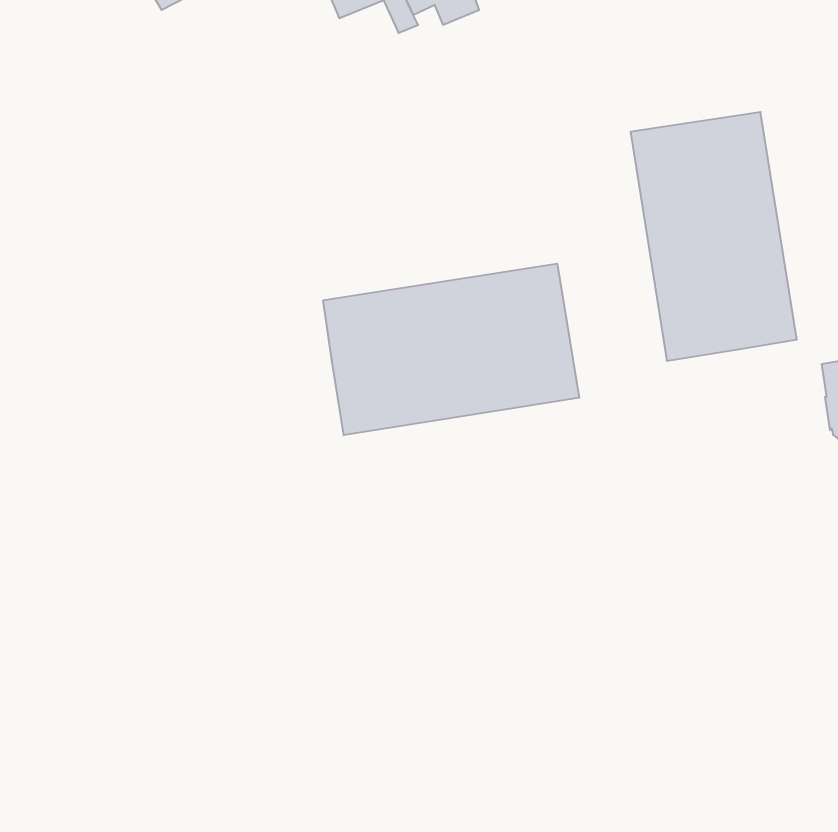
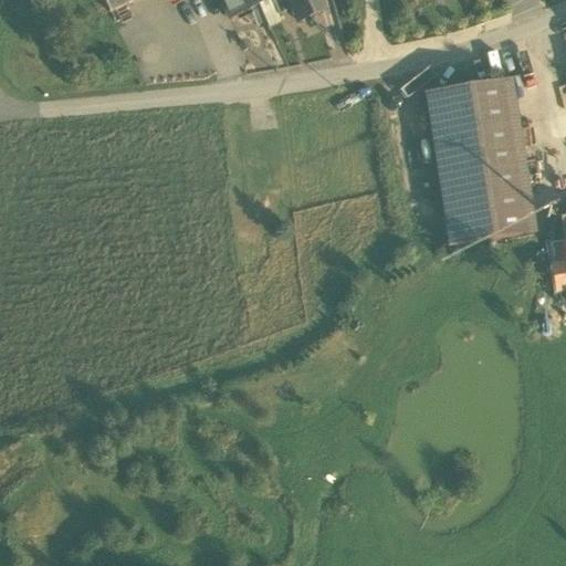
building: [323,264,579,435] -> none

